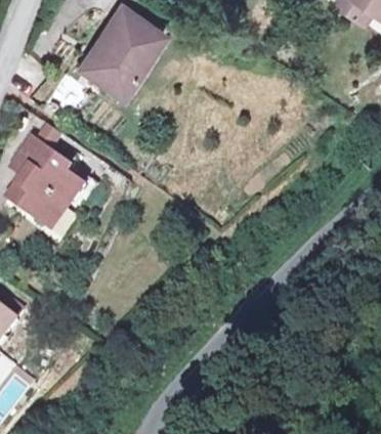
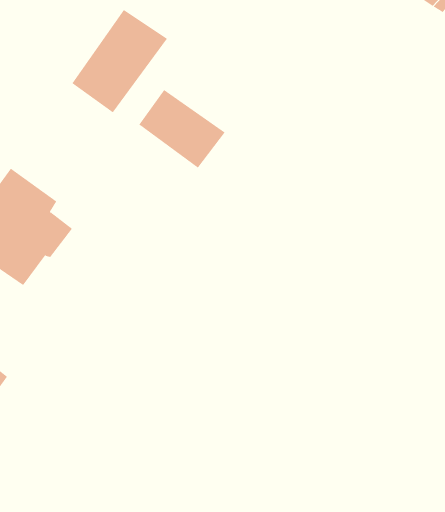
building: none -> [139,89,226,169]

